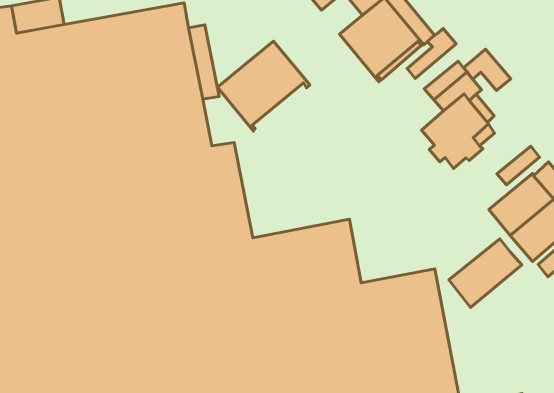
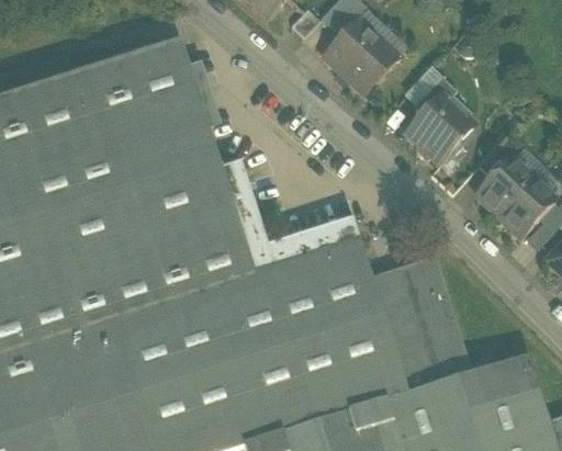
building: [407,29,456,78] -> none
building: [217,41,310,131] -> none
building: [463,49,511,90] -> none
building: [449,239,522,307] -> none

